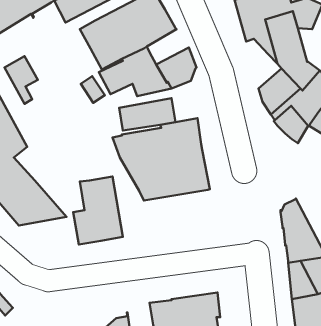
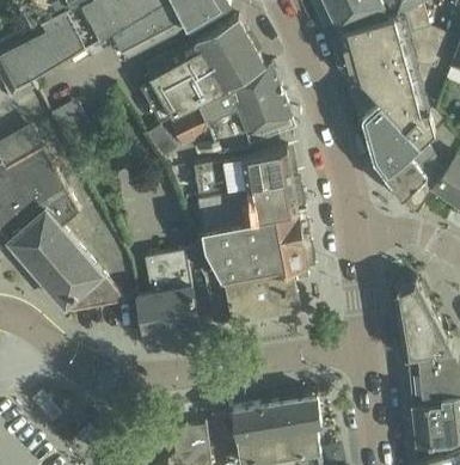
building: none -> [229,65,282,112]
building: none -> [363,99,398,142]
building: none -> [260,149,293,184]
building: none -> [190,241,308,324]

